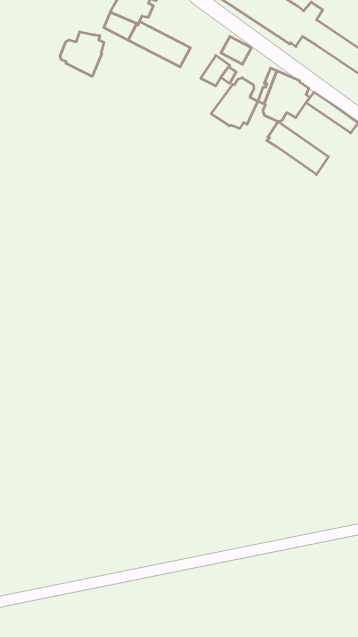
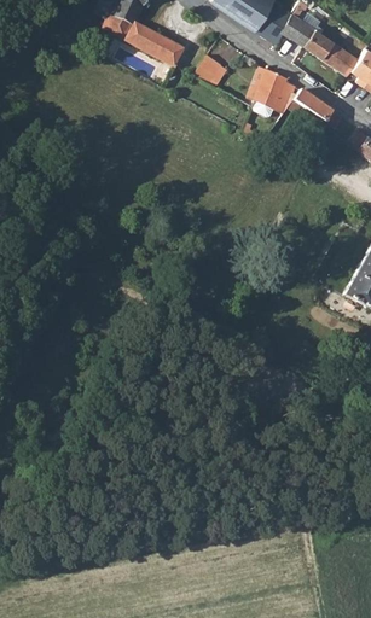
building: [60,32,104,76] -> none
building: [211,78,258,128] -> none
building: [267,122,328,175] -> none

